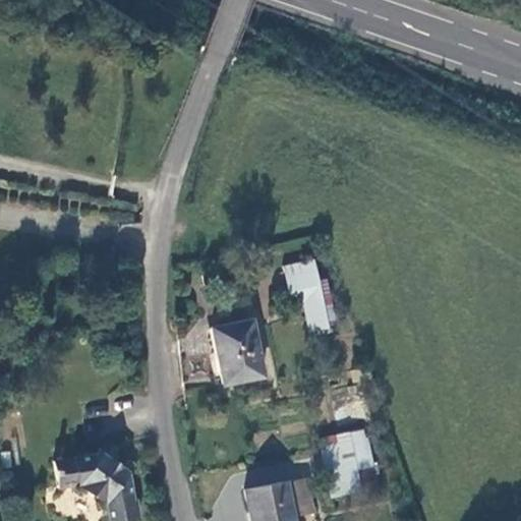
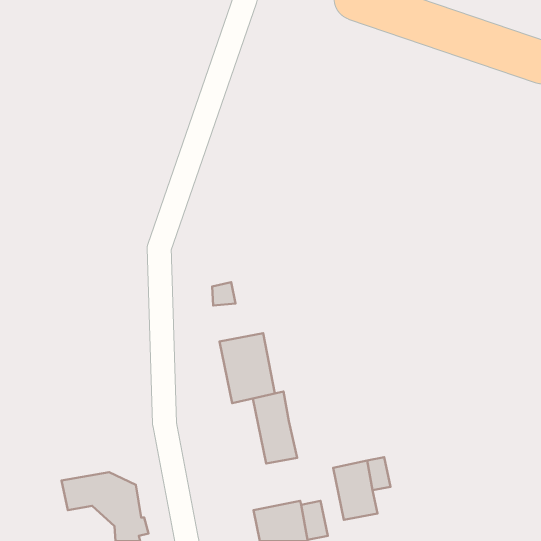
building: [286,259,331,334] -> none
building: none -> [253,392,297,464]

